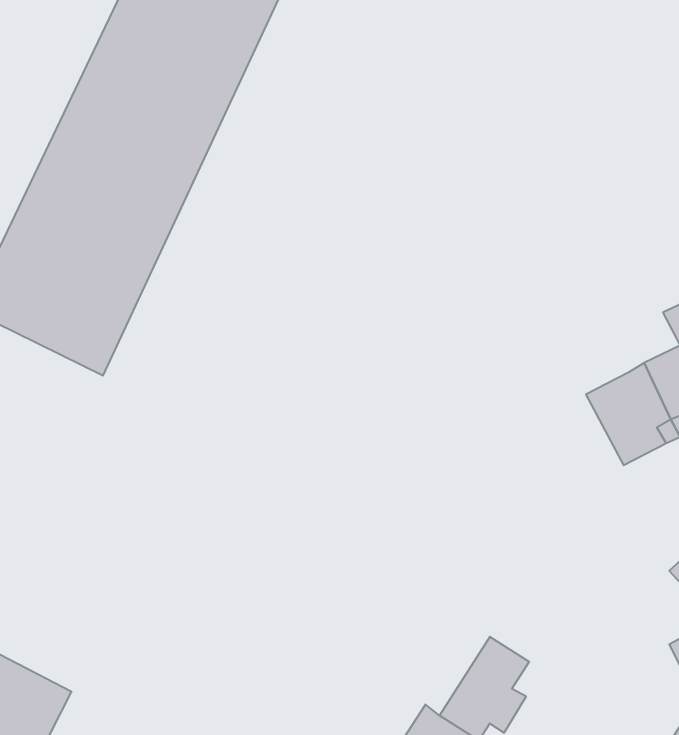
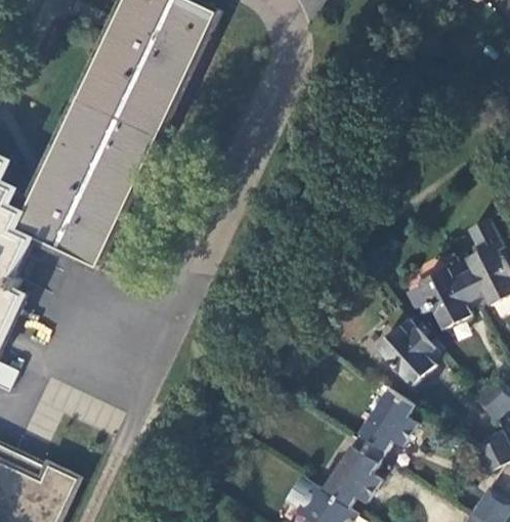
building: none -> [382,330,433,390]
building: none -> [352,390,413,458]

